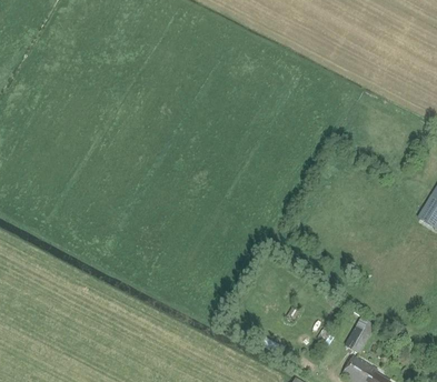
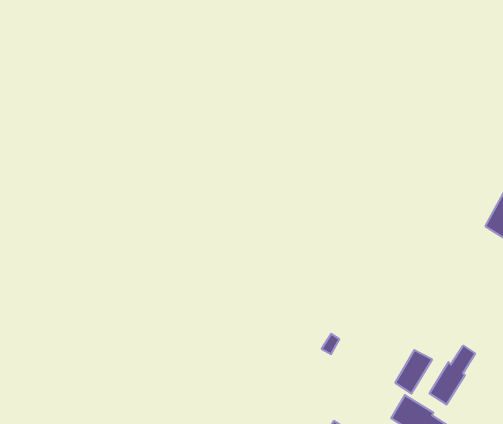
building: none -> [430,346,475,405]

